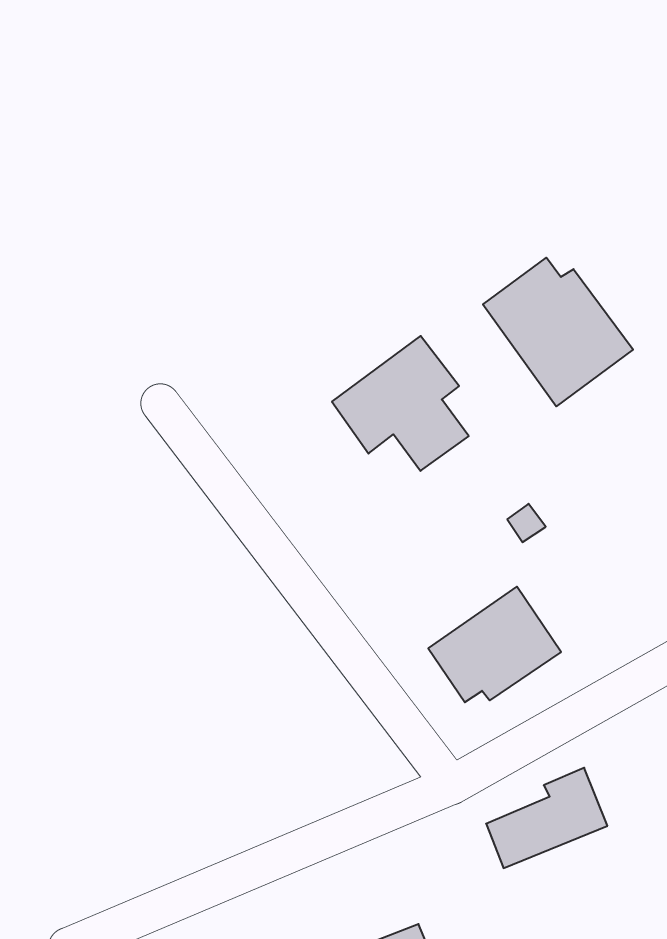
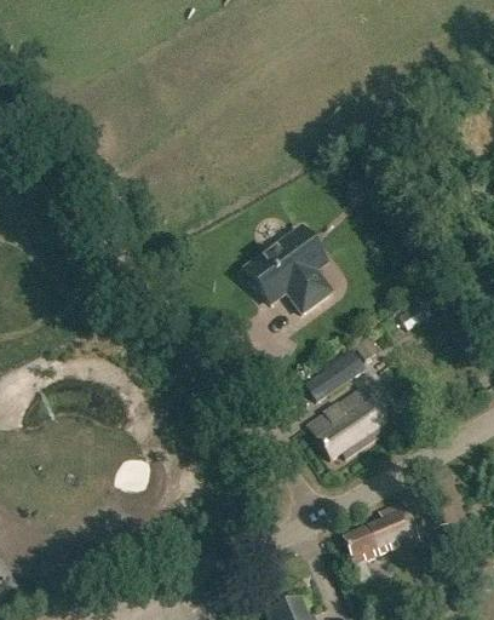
building: [483,258,633,406] -> none
building: none -> [303,348,363,400]

